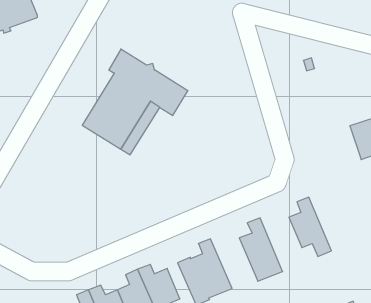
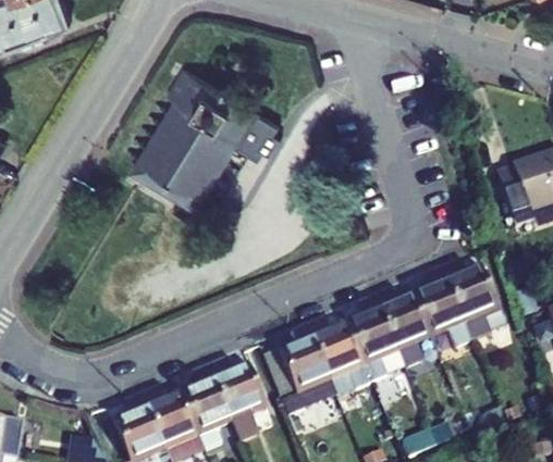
building: none -> [441,261,507,341]
building: none -> [374,289,431,370]
building: none -> [307,317,371,394]

